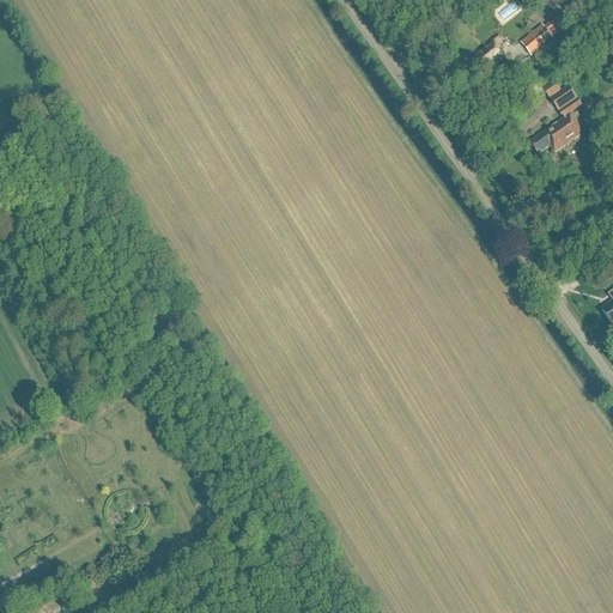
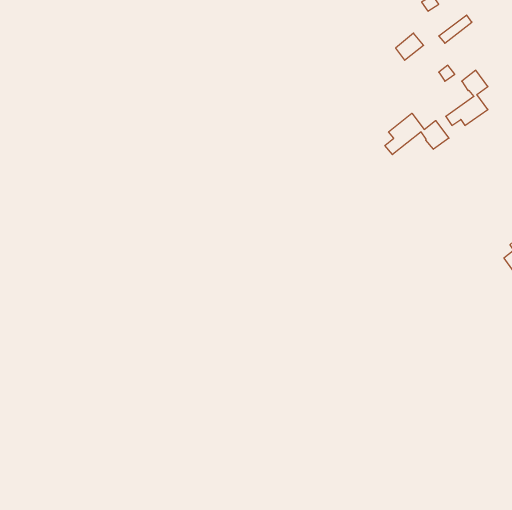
building: none -> [385,113,449,155]

